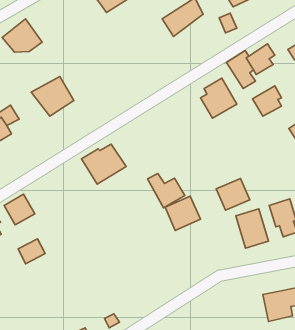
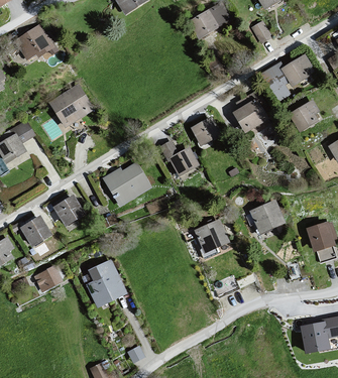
building: none -> [188,115,219,145]
building: none -> [50,192,84,225]
building: [148,173,185,208] -> [158,139,199,176]
building: [236,209,269,248] -> none
building: none -> [84,257,126,306]

